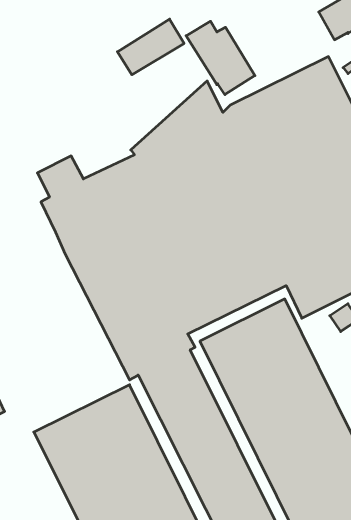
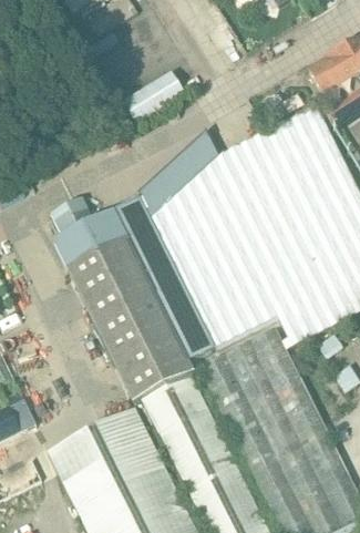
building: [186,21,255,95] -> none

